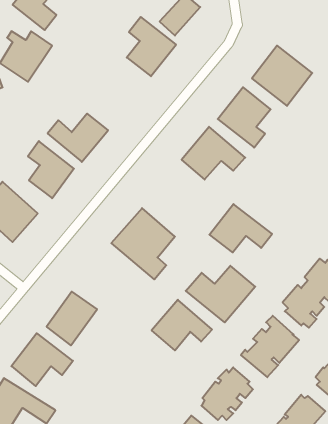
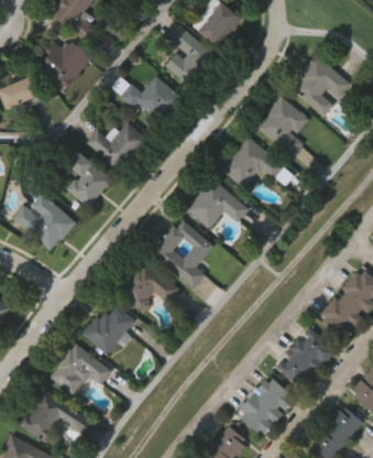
building: none -> [122,75,182,124]
building: [209,204,272,252] -> [187,178,250,227]
building: [186,266,255,322] -> none
building: [152,300,212,350] -> [118,260,178,310]

